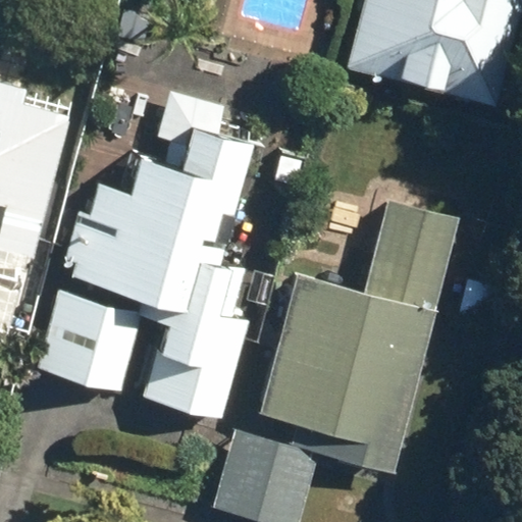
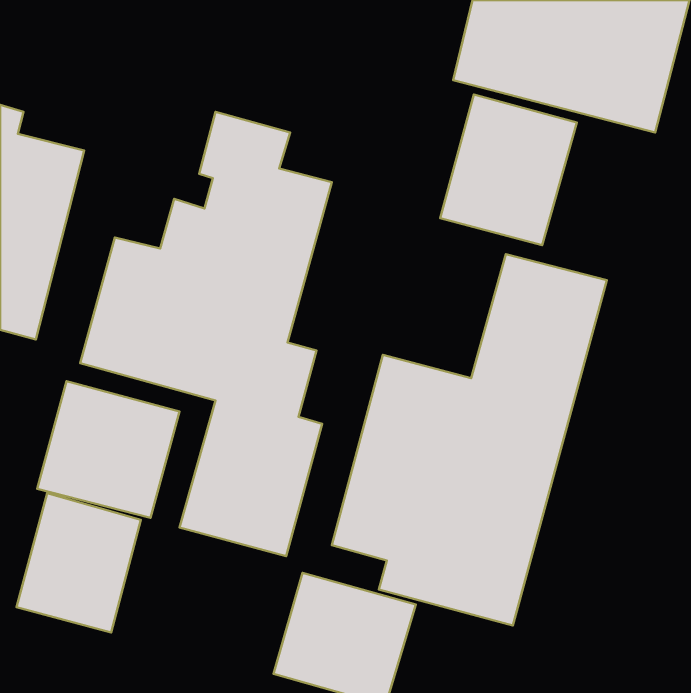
building: none -> [440,95,577,245]
building: none -> [17,493,141,633]

